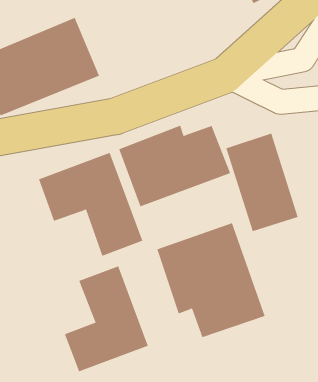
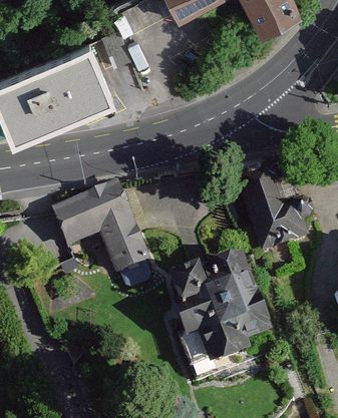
building: [118,125,231,207] -> none
building: [64,266,149,372] -> none

